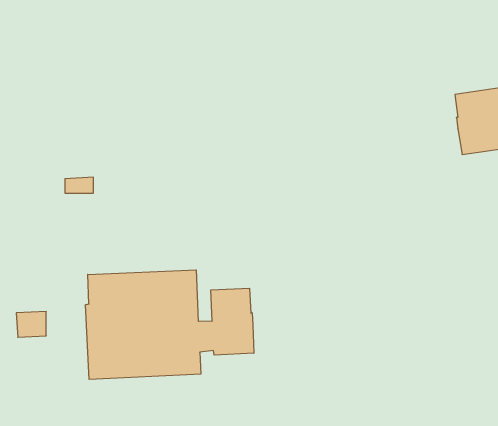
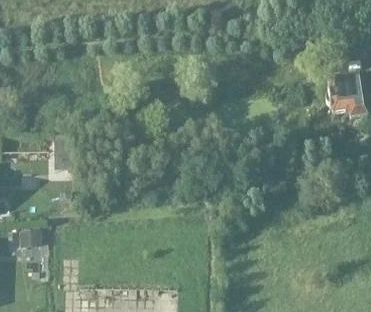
building: [85,270,254,379] -> none

